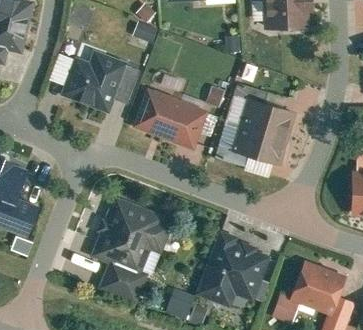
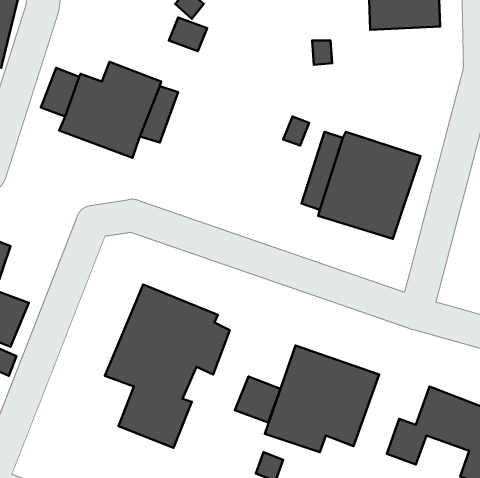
building: [133,88,209,150] -> none
building: [166,288,196,318] -> [235,377,280,422]

